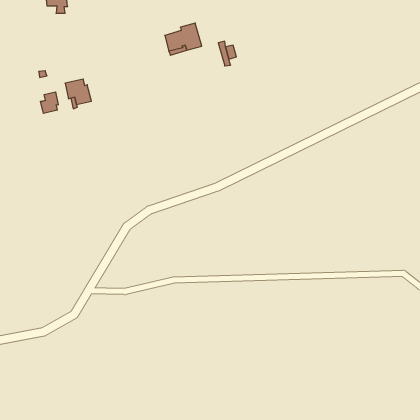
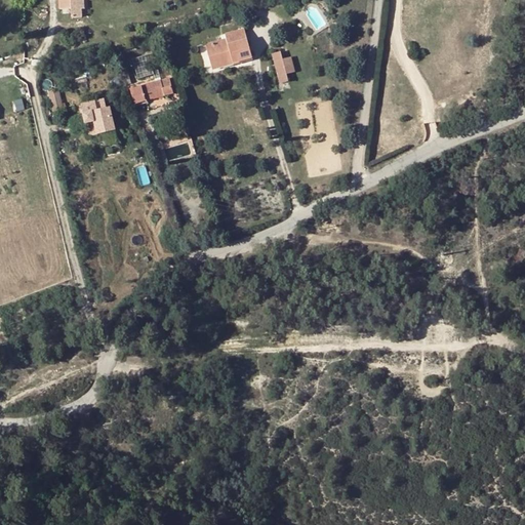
building: none -> [130,77,172,103]
building: [41,92,58,113] -> none

